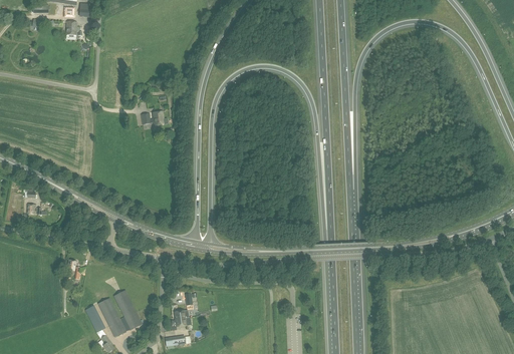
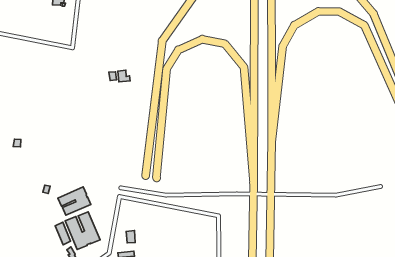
building: none -> [58,187,91,215]

